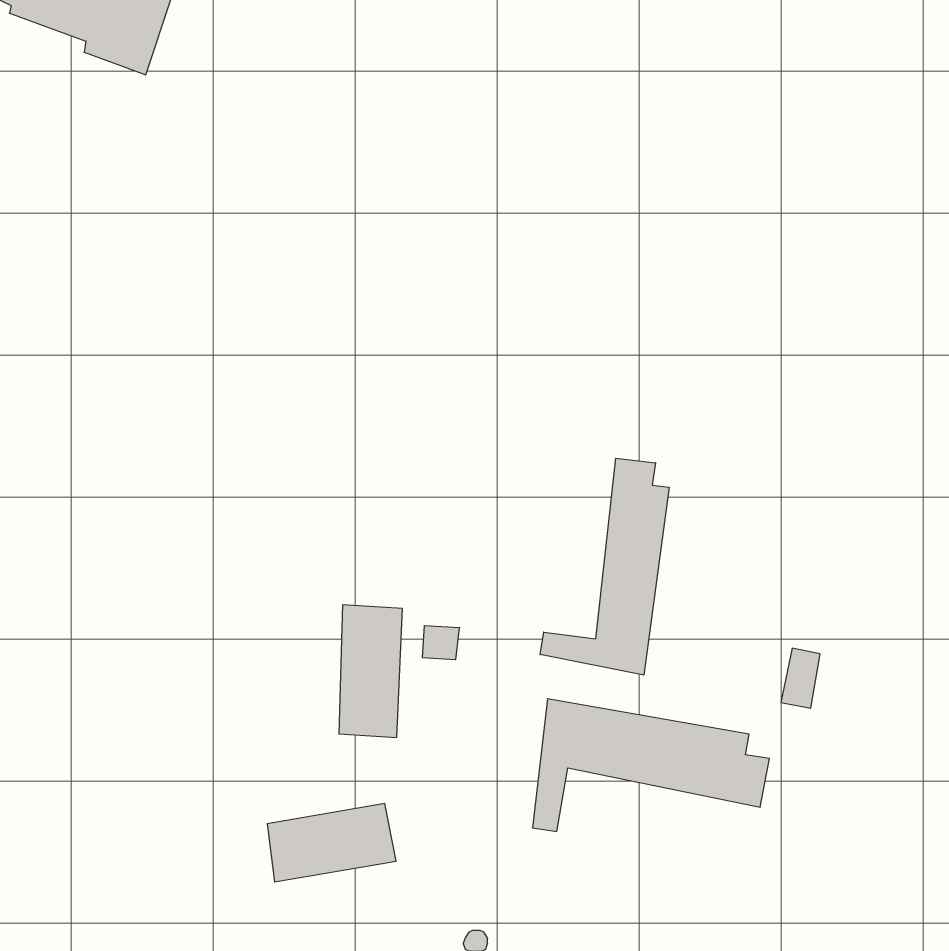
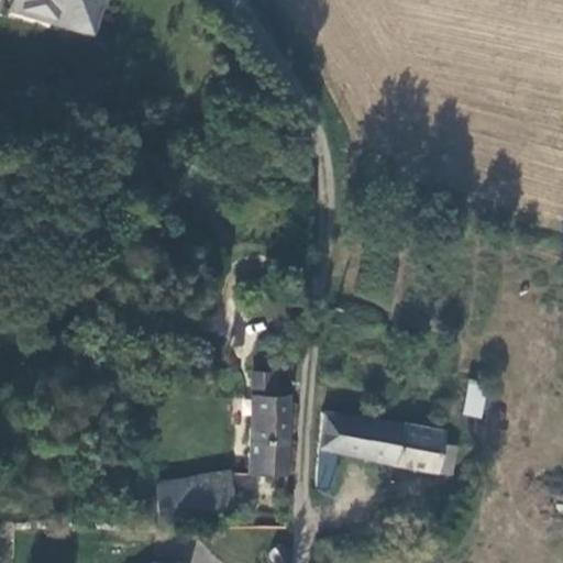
building: [540,458,669,675] -> none
building: [339,605,402,737] -> [252,396,289,474]

